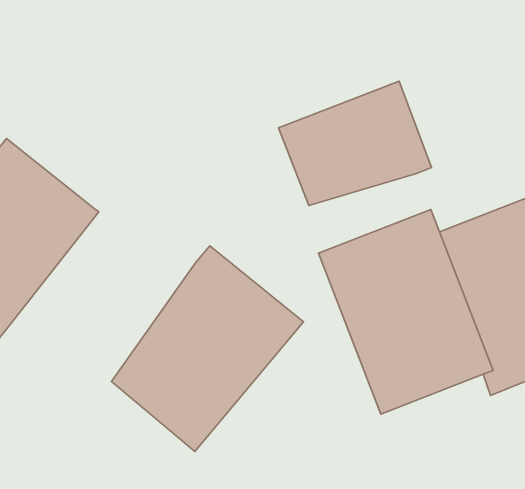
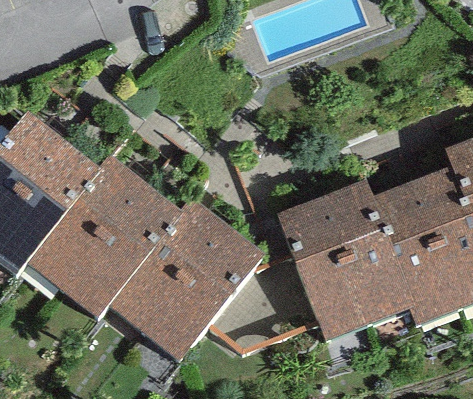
building: [279,81,431,206] -> none
building: none -> [29,159,181,323]

